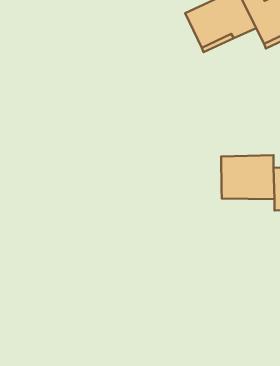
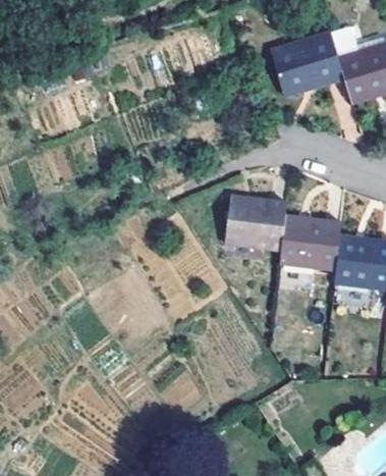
building: none -> [224,195,284,249]

